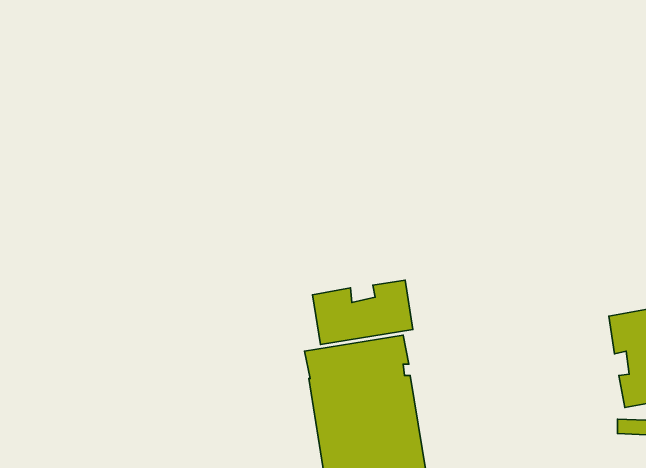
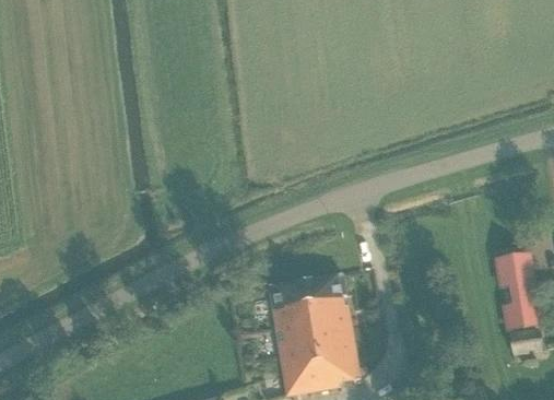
building: [313,280,413,344] -> none

